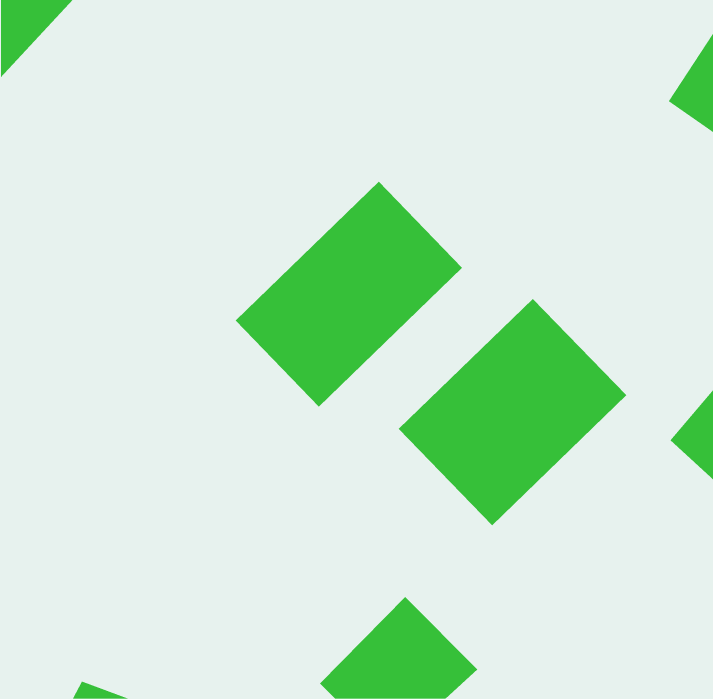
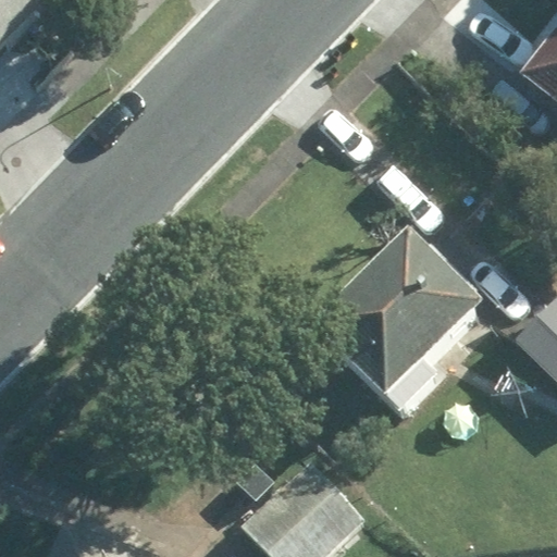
building: [235,181,463,408] -> none

